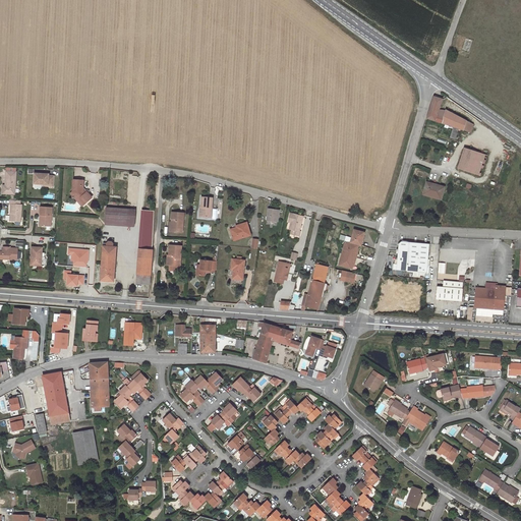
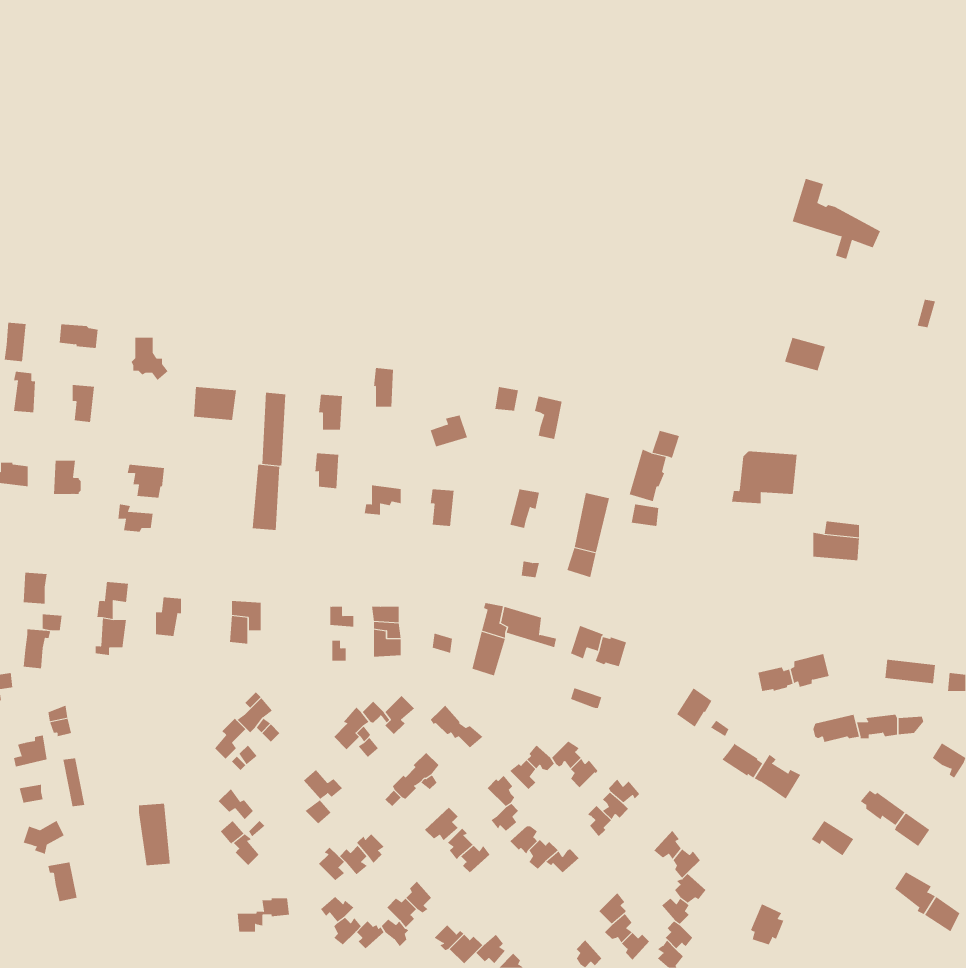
building: [456,148,484,176] -> none
building: [99,239,115,282] -> none
building: [475,286,506,309] -> none
building: [89,362,108,407] -> none
building: [42,372,68,423] -> none

